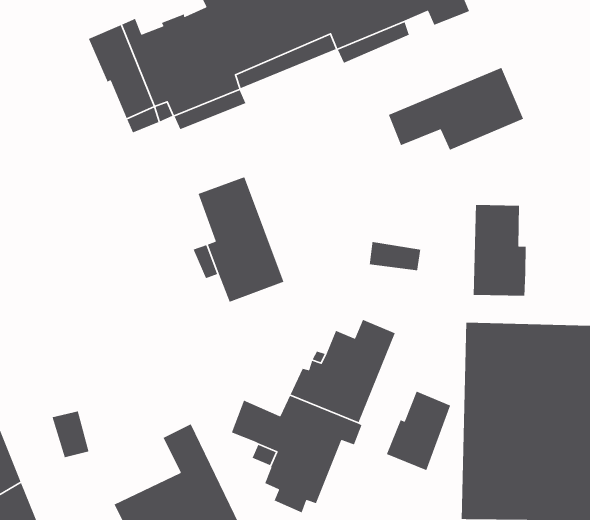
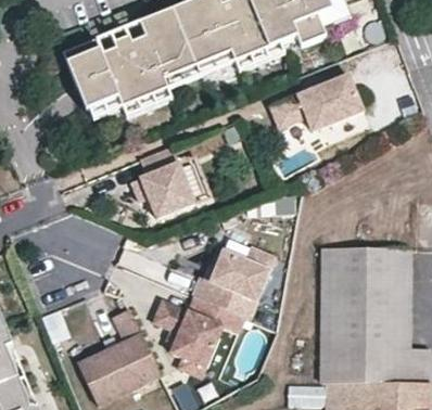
building: [473,204,527,297] -> none
building: [386,391,451,471] -> none

